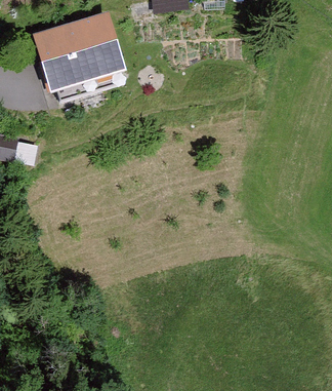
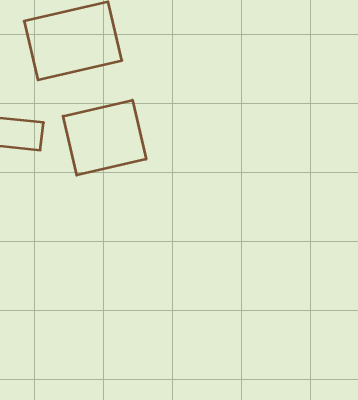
building: none -> [63,100,146,175]

